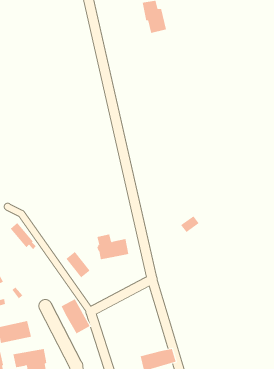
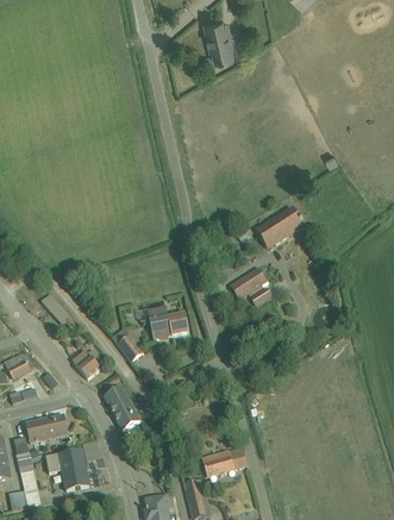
building: none -> [256,207,302,246]
building: none -> [229,267,267,299]
building: none -> [73,349,104,380]

